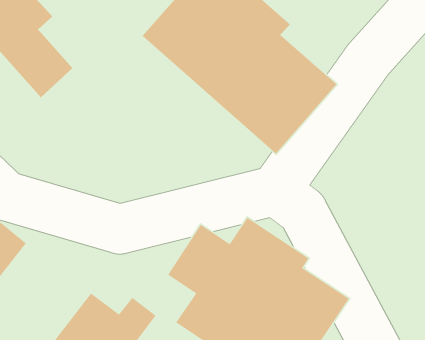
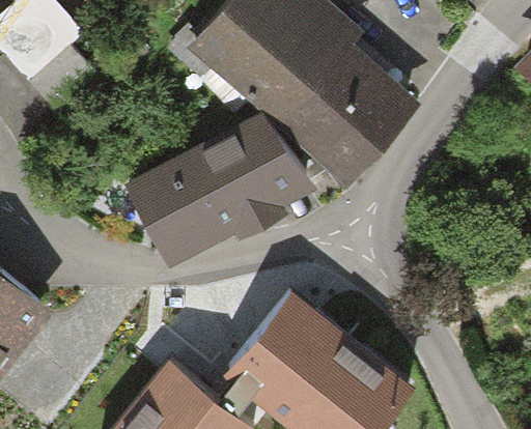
building: none -> [124,115,308,273]

